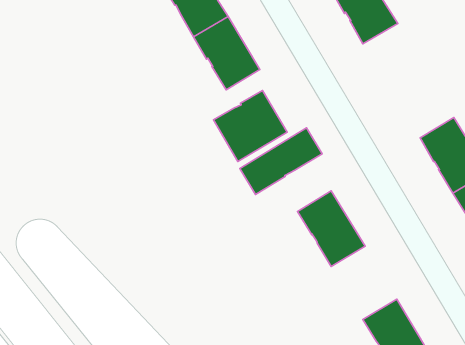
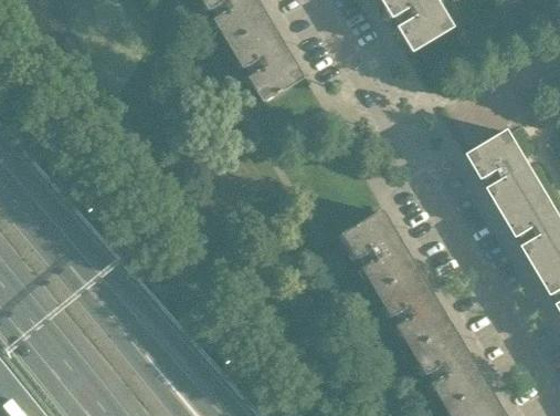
building: [213,90,287,161] -> none
building: [240,128,322,194] -> none
building: none -> [378,269,448,349]

